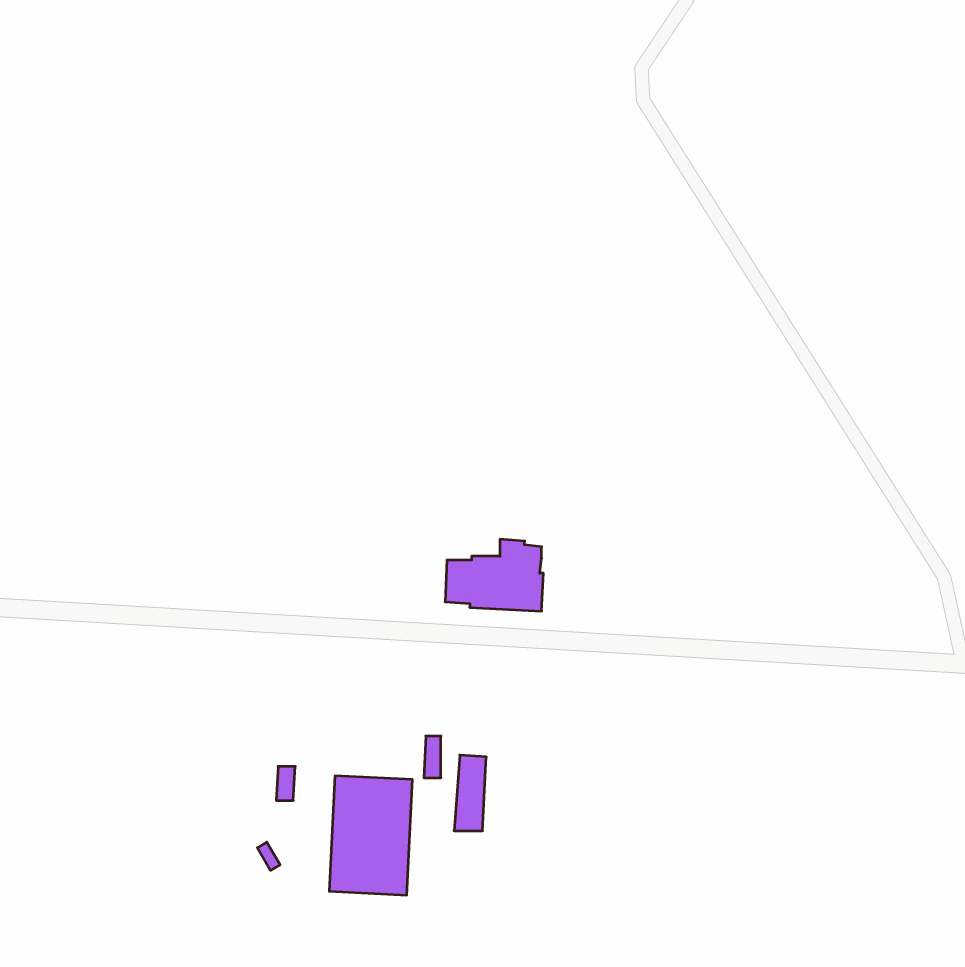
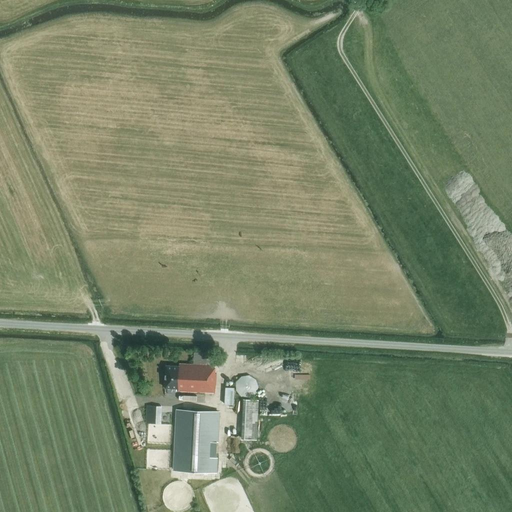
building: [445,539,543,611] -> [164,355,216,393]
building: none -> [235,375,257,398]

